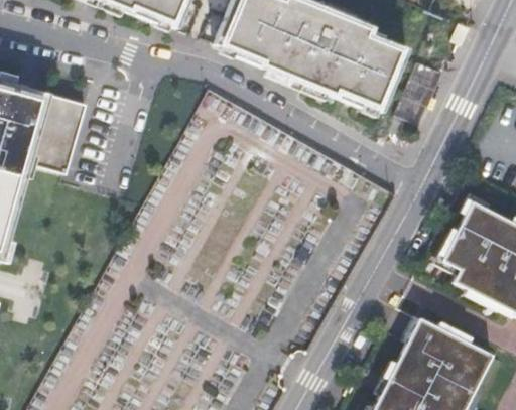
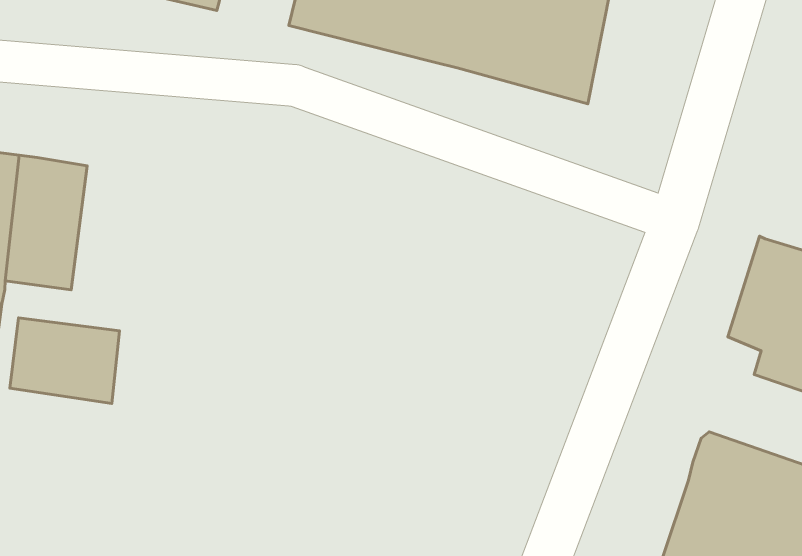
building: none -> [10,318,119,403]

